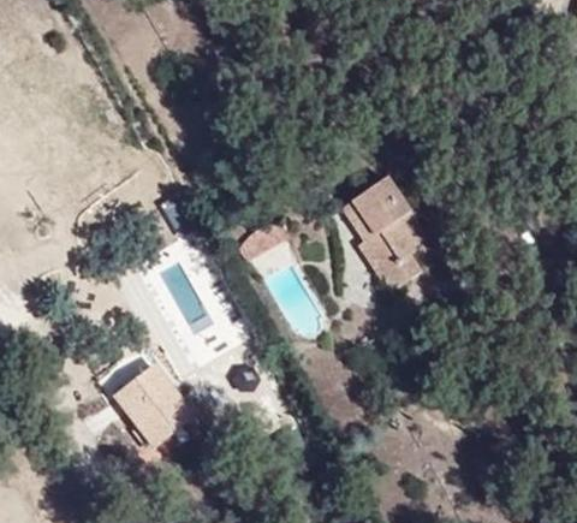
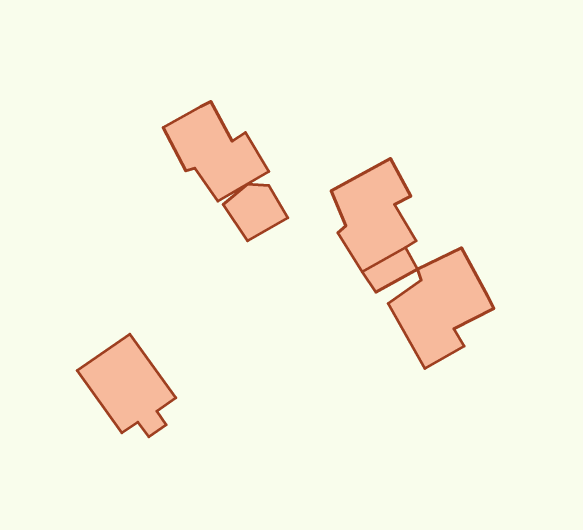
building: none -> [163,102,269,201]
building: none -> [388,248,494,369]

